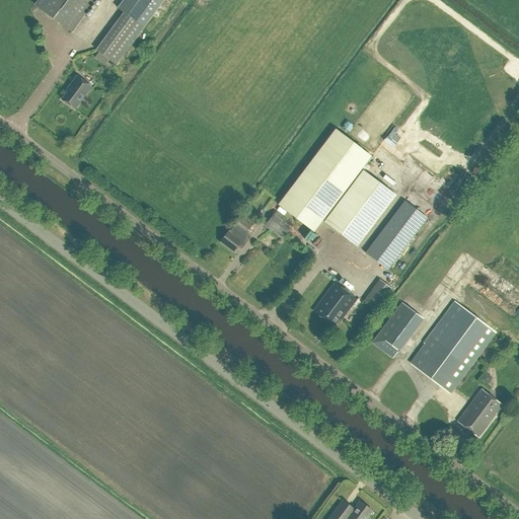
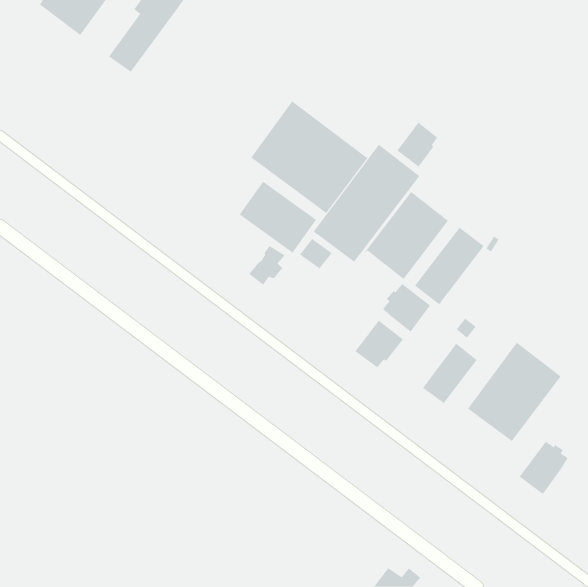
building: [61,75,90,108] -> none
building: none -> [251,101,368,214]
building: none -> [397,122,438,167]
building: none -> [239,181,317,253]
building: none -> [383,283,431,332]

